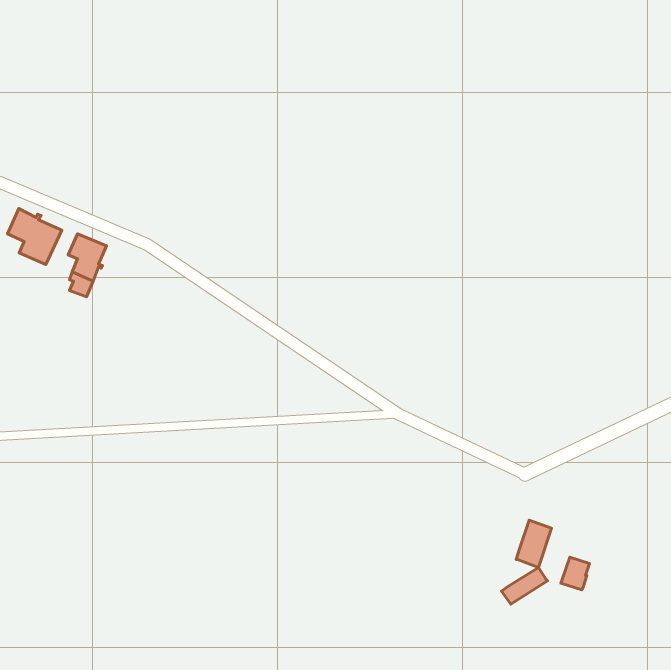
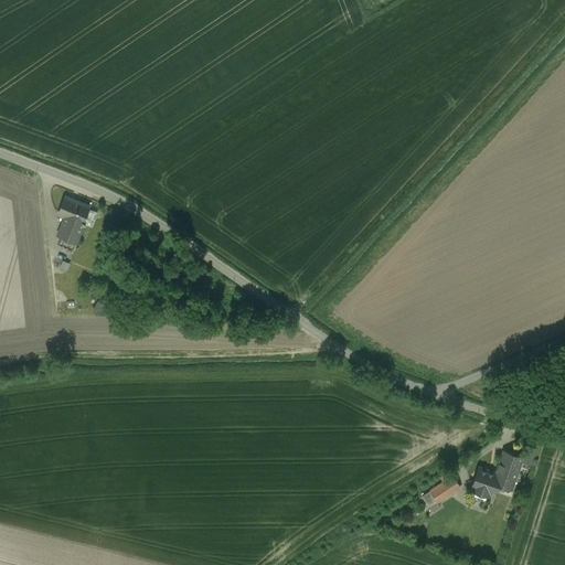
building: [8,208,62,264] -> none
building: [516,520,552,568] -> [492,451,522,491]

